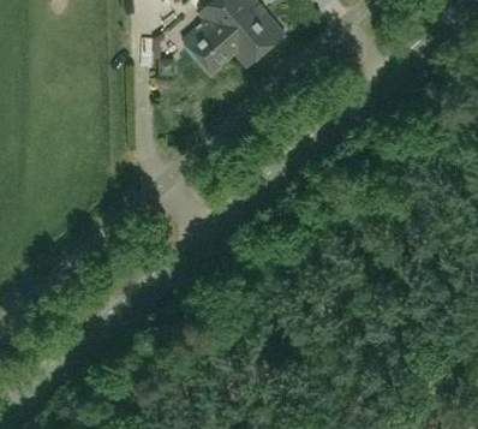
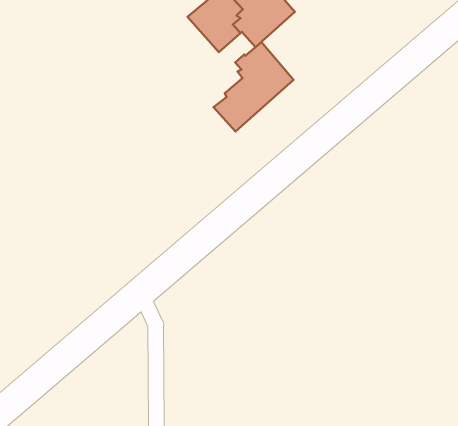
building: none -> [213,42,294,132]

